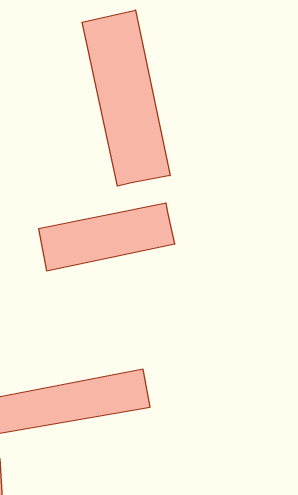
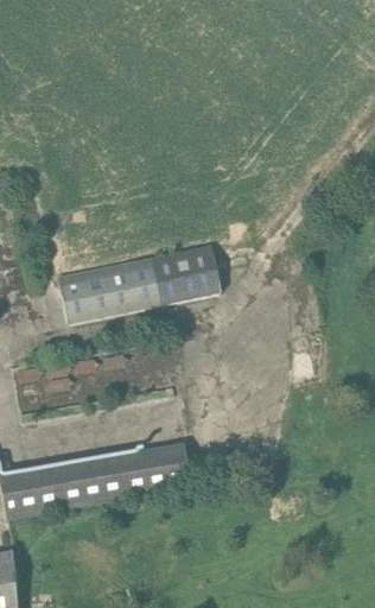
building: [82,10,170,186] -> none

